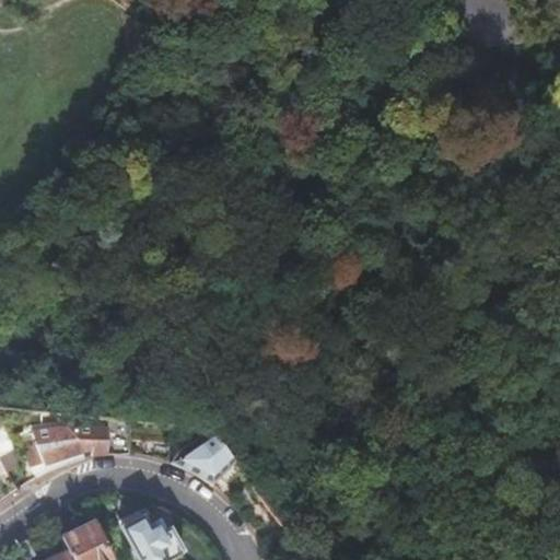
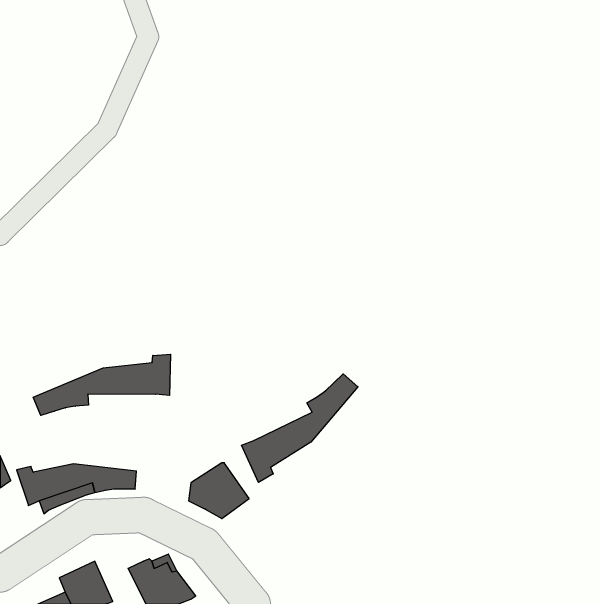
building: none -> [33,354,171,415]
building: none -> [241,374,358,482]

